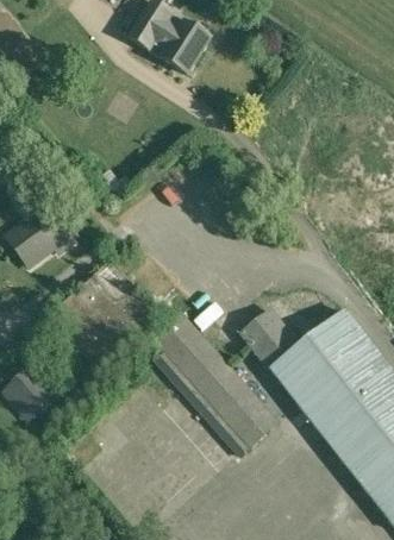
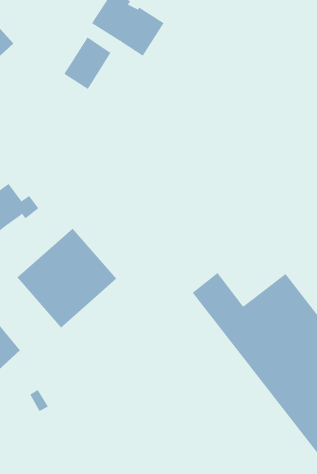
building: none -> [63,37,111,90]
building: [151,312,276,451] -> none

